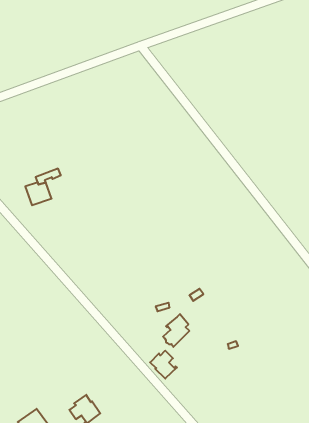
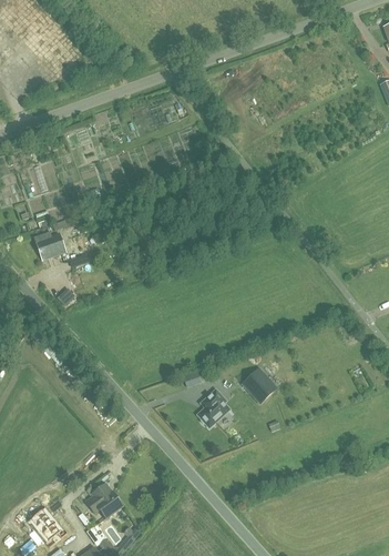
building: none -> [240,367,274,401]
building: [150,351,177,379] -> none

